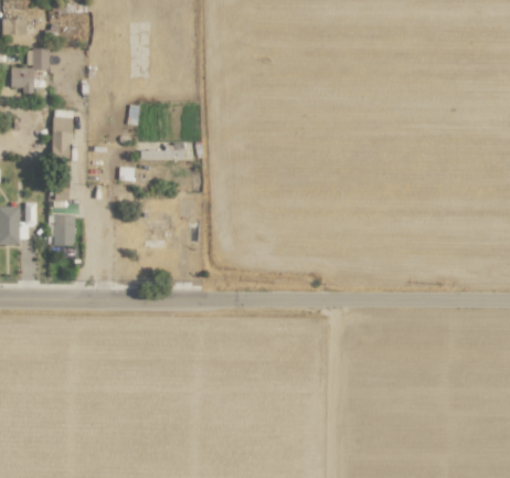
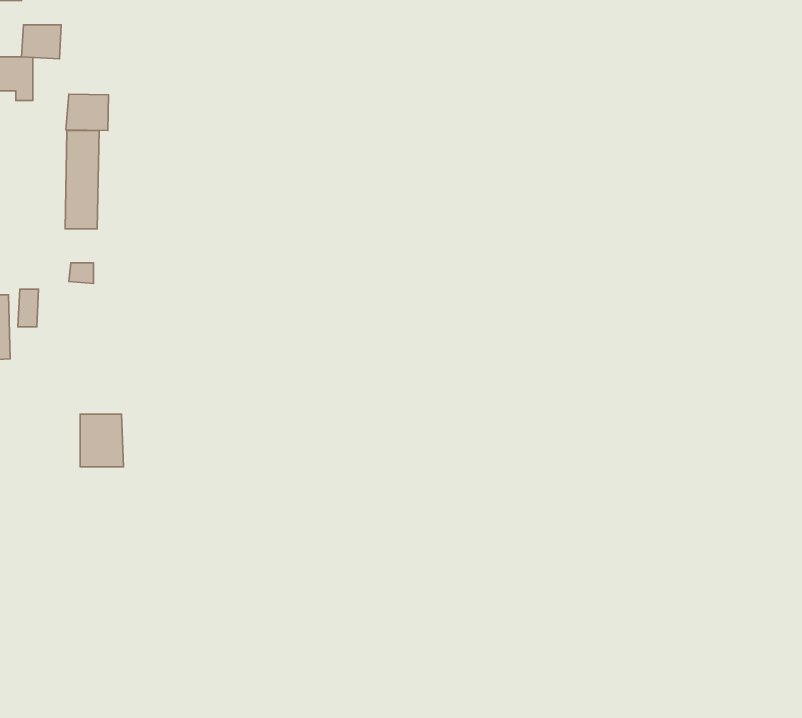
building: none -> [66,94,108,131]
building: [50,214,75,245] -> [80,414,124,467]

